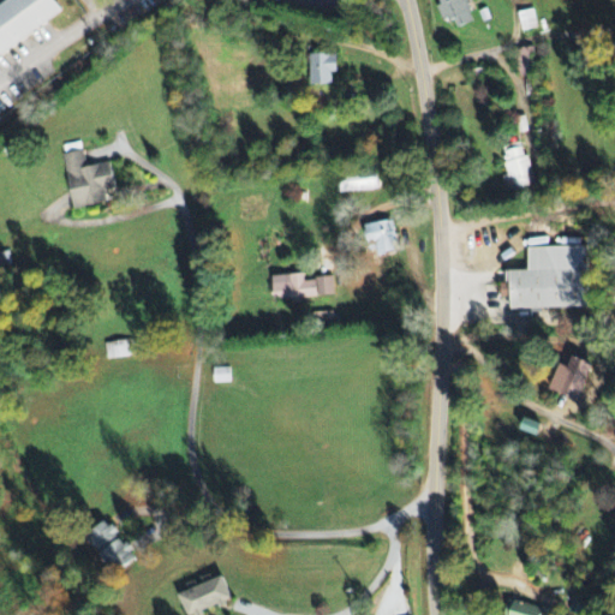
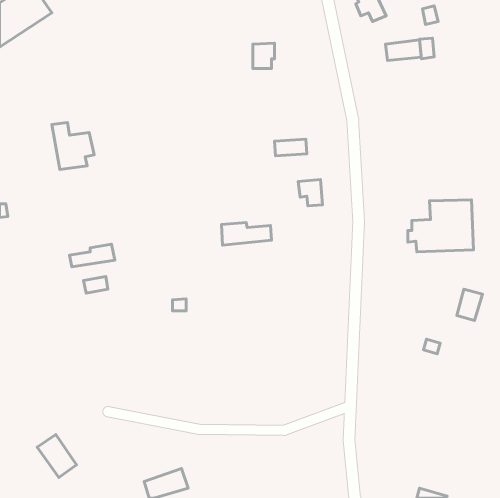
building: none -> [386,40,421,60]
building: [501,139,533,191] -> none
building: none -> [70,244,115,267]
building: [84,518,132,571] -> [37,434,77,478]

